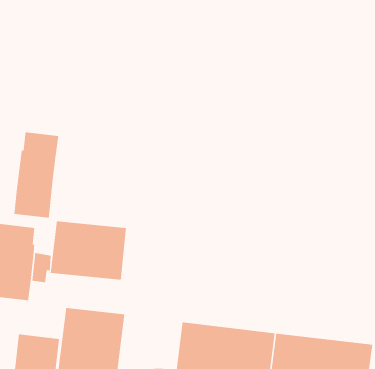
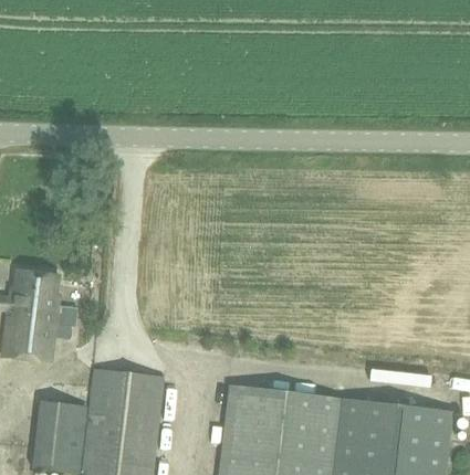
building: [14,132,59,219] -> none
building: [50,221,126,281] -> none

